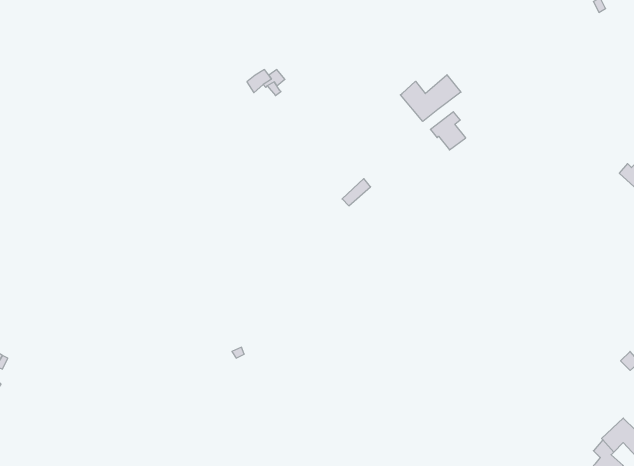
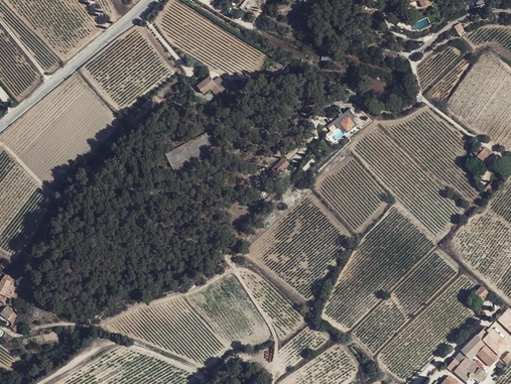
building: [400,75,461,121] -> none

